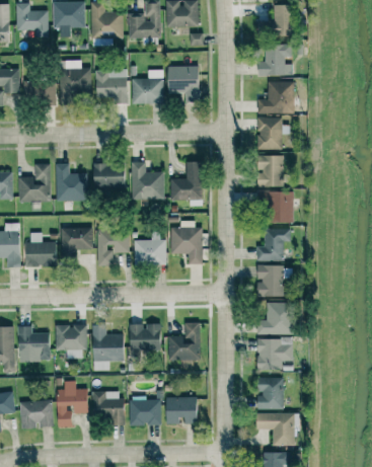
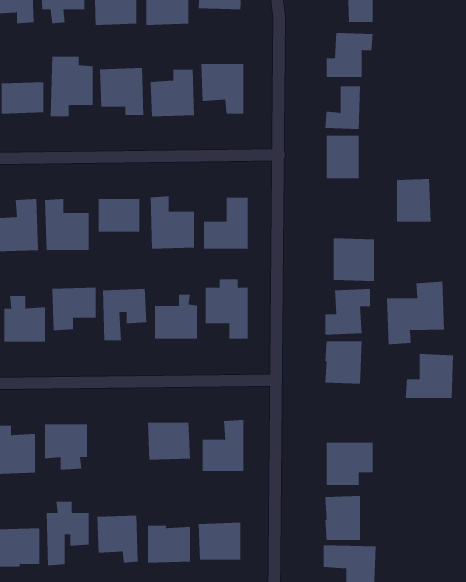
building: [259,155,285,186] -> [396,178,431,222]
building: none -> [386,281,445,345]
building: [257,302,293,334] -> [405,354,454,399]
building: [93,324,125,371] -> none

